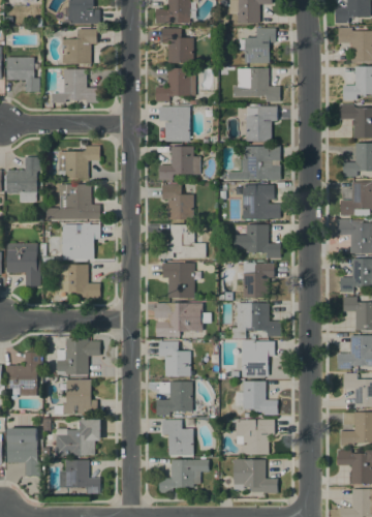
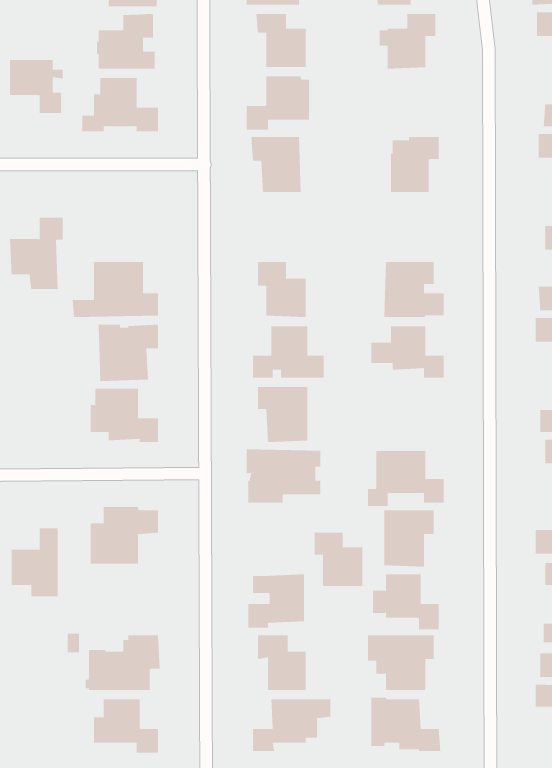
building: [233,67,280,101] -> none
building: [59,145,100,179] -> none
building: [159,146,199,179] -> none
building: [223,146,280,179] -> none
building: [6,243,41,286] -> none
building: [243,263,275,298] -> none
building: [159,341,190,375] -> [314,532,363,586]
building: [54,379,97,415] -> none
building: [6,427,40,476] -> none

